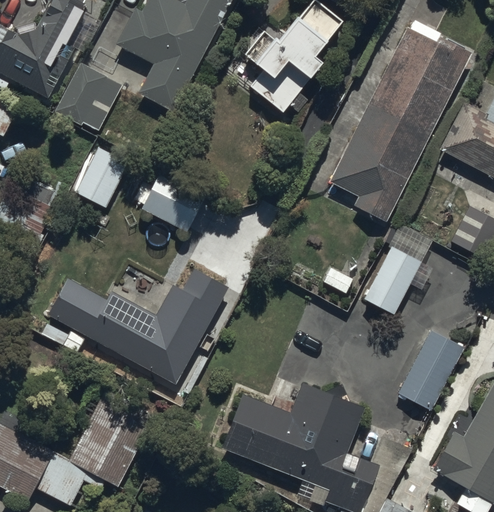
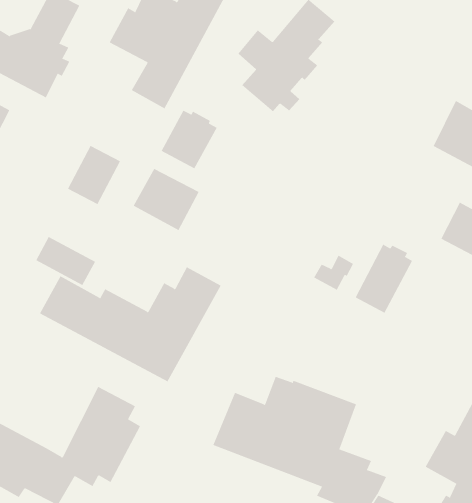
building: [328,20,472,221] -> none
building: [54,63,122,133] -> none
building: none -> [161,110,218,169]
building: none -> [35,236,96,286]
building: [397,329,464,410] -> none

